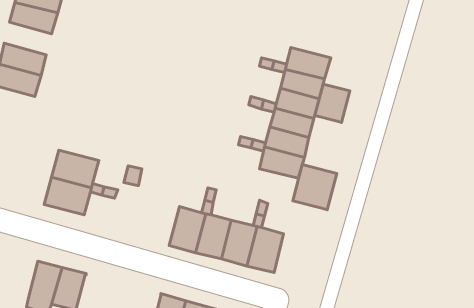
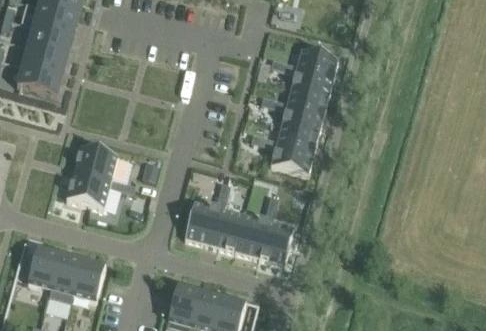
building: none -> [27,25,72,56]
building: [315,84,350,122] -> none
building: [293,165,337,210] -> none
building: none -> [27,247,59,288]

